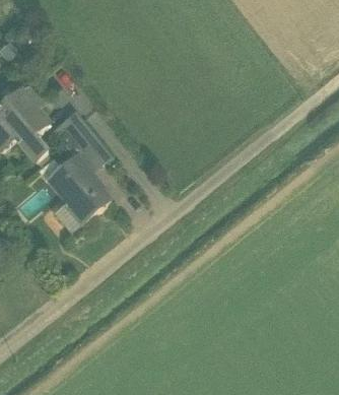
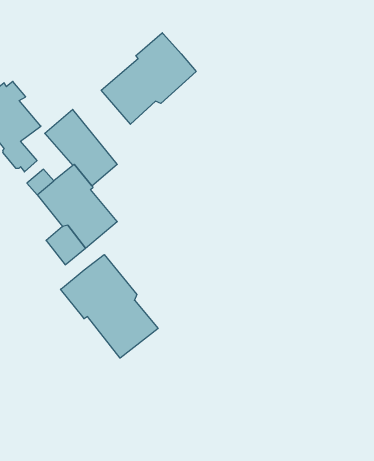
building: none -> [101,33,196,124]
building: none -> [61,255,158,358]

